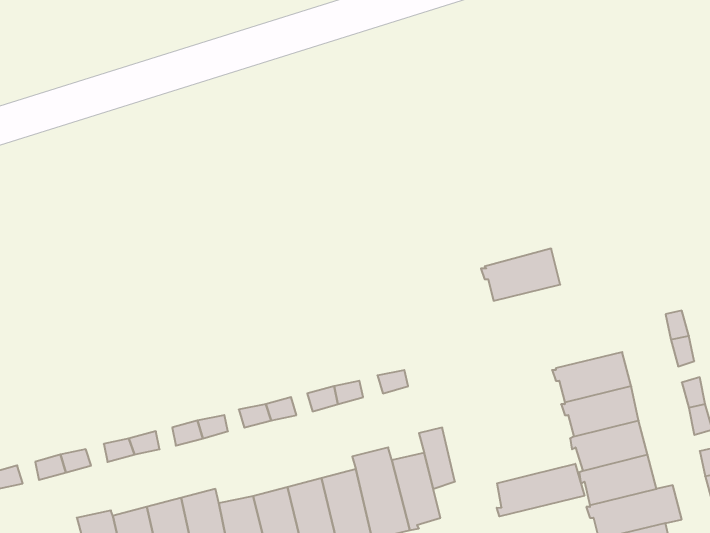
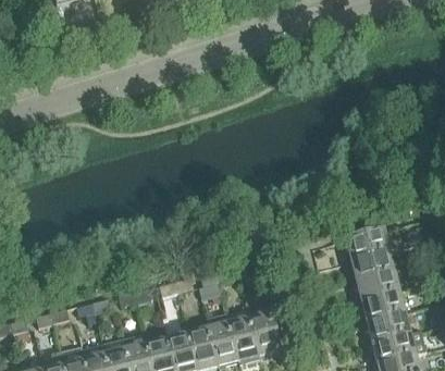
building: [481,249,560,301] -> [343,227,391,259]
building: [497,464,584,516] -> none

